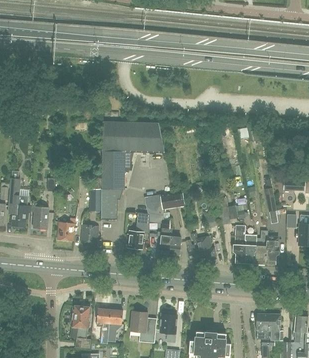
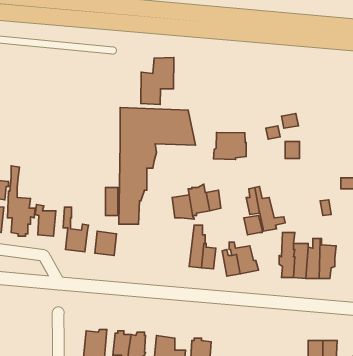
building: none -> [141,58,174,104]
building: none -> [214,133,246,160]
building: [126,212,152,249] -> none

